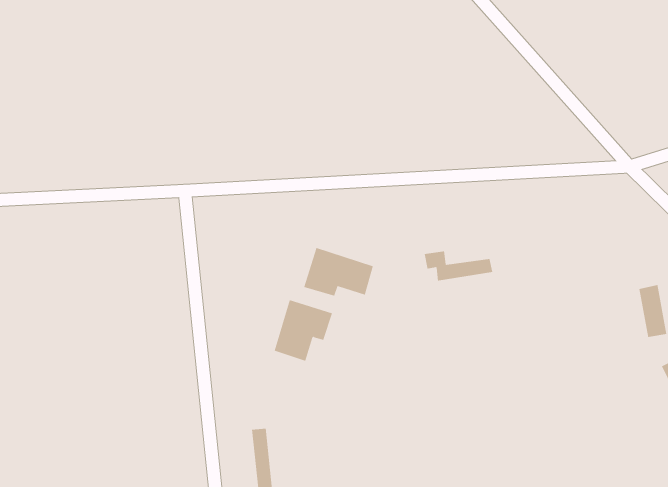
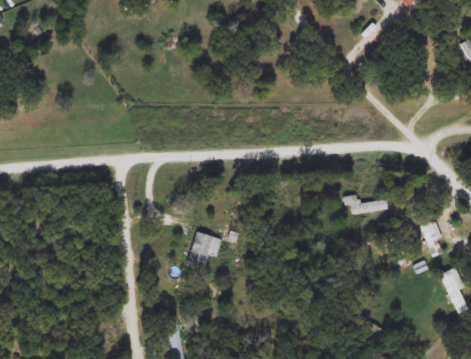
building: [304,247,374,297] -> none
building: [424,251,493,281] -> [341,195,387,215]

